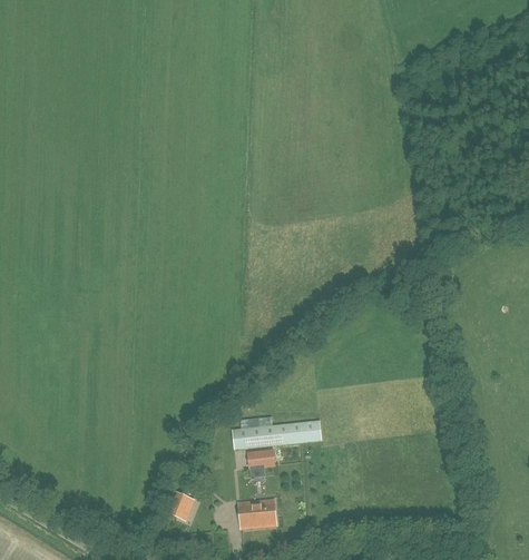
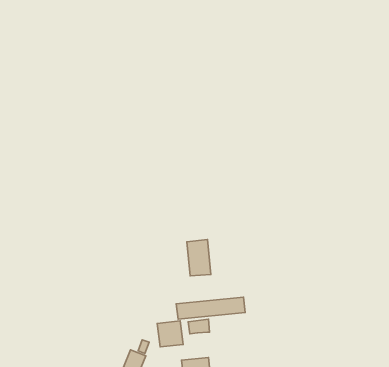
building: none -> [187,240,211,276]
building: none -> [157,321,183,347]

